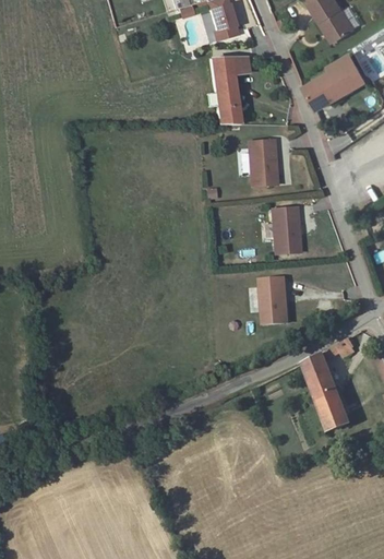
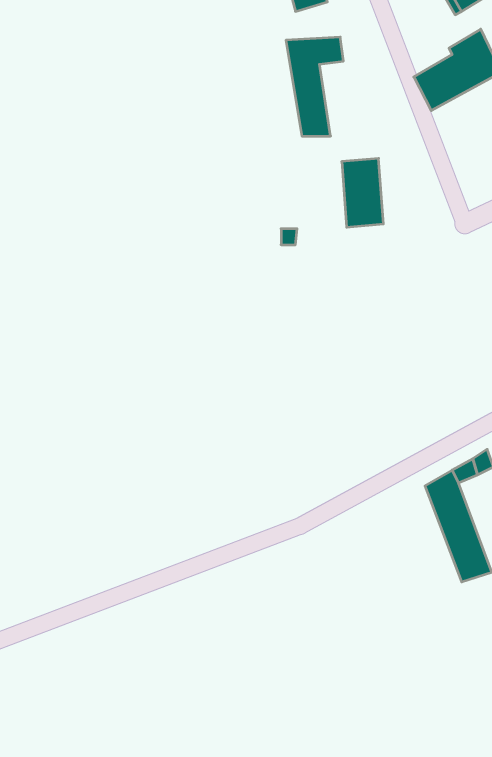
building: [275,209,303,255] -> none
building: [263,278,292,325] -> none

